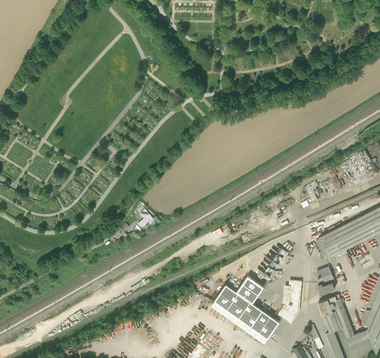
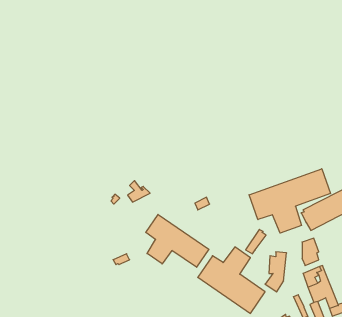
building: none -> [249,169,330,233]
building: none -> [146,214,209,267]

